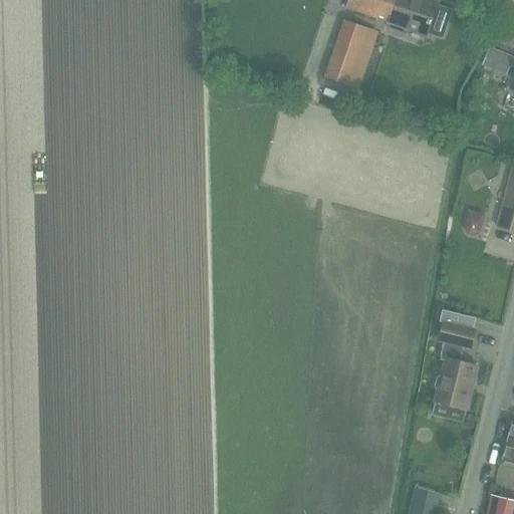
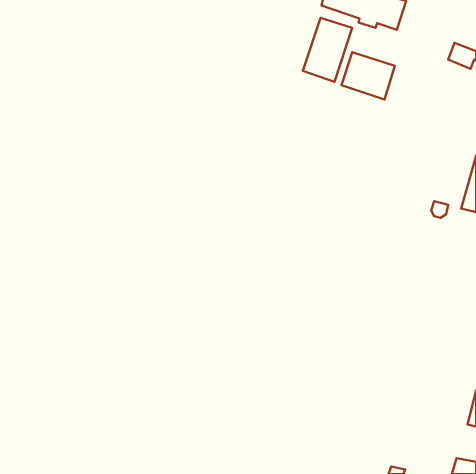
building: none -> [341,52,395,99]
building: [434,321,478,408] -> none

